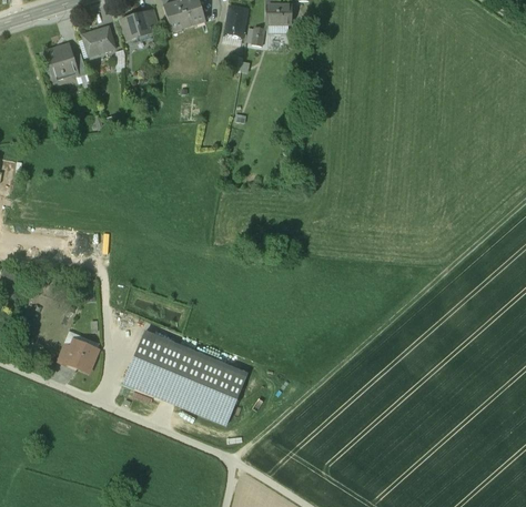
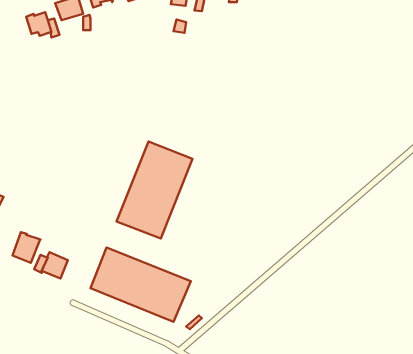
building: none -> [116,141,193,238]
building: none -> [12,232,41,263]

